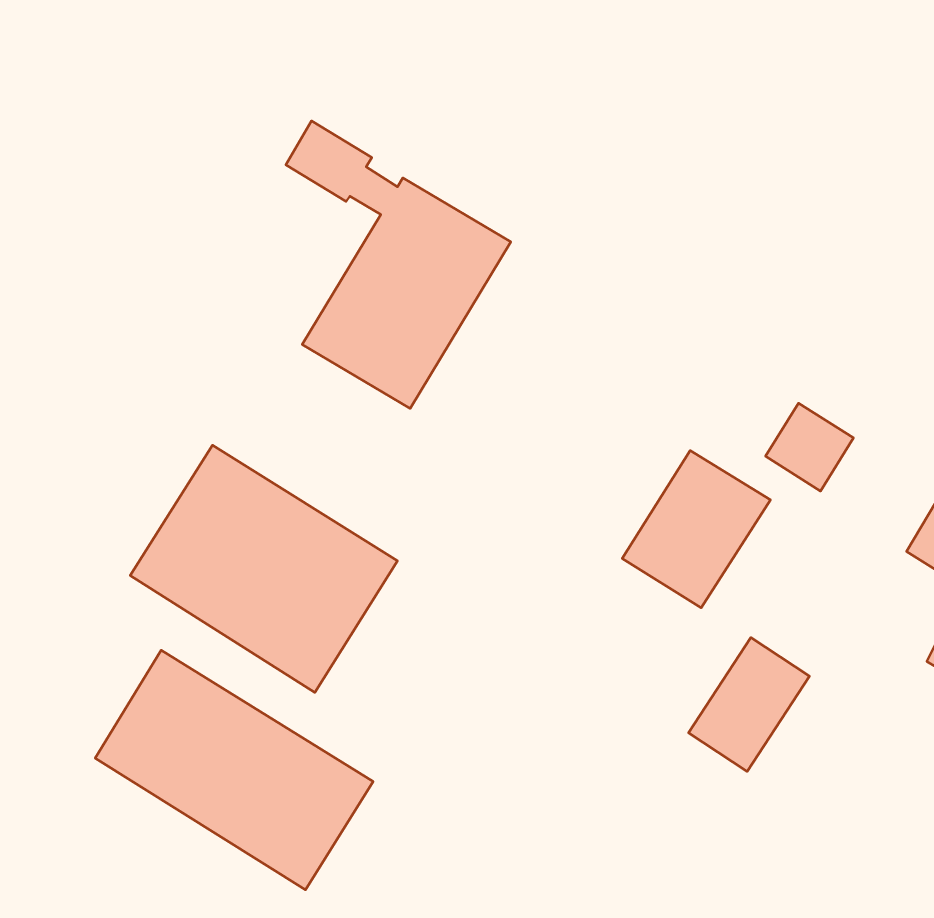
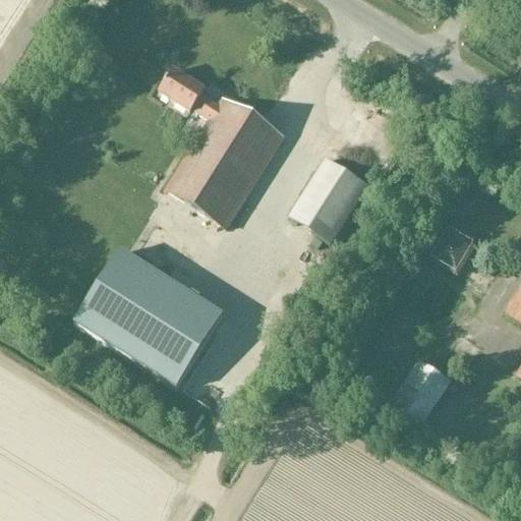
building: [622,450,771,608] -> [287,153,369,240]
building: [95,650,373,890] -> none

